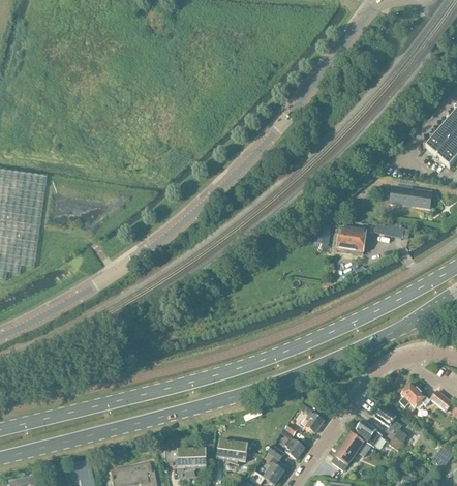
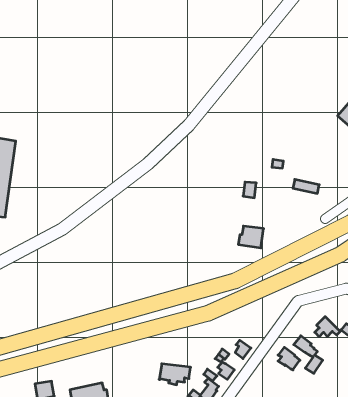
building: [390,186,431,208] -> none
building: [336,226,366,252] -> [238,226,264,248]
building: [332,433,369,470] -> none
building: [164,448,206,472] -> none

